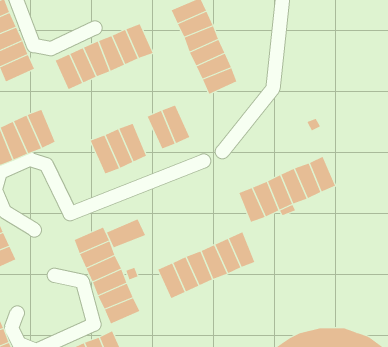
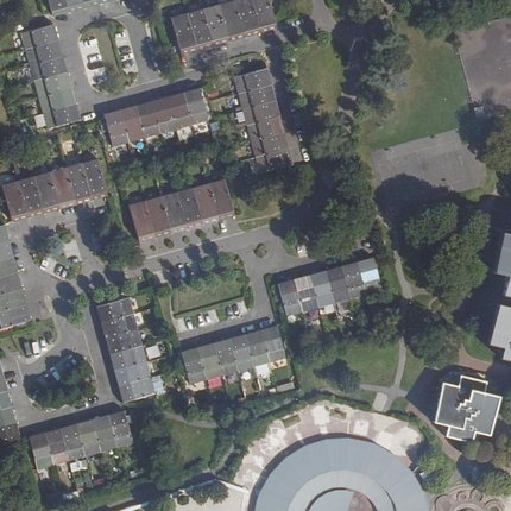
building: none -> [82,158,108,200]
building: none -> [177,187,203,228]
building: [106,218,146,248] -> none

